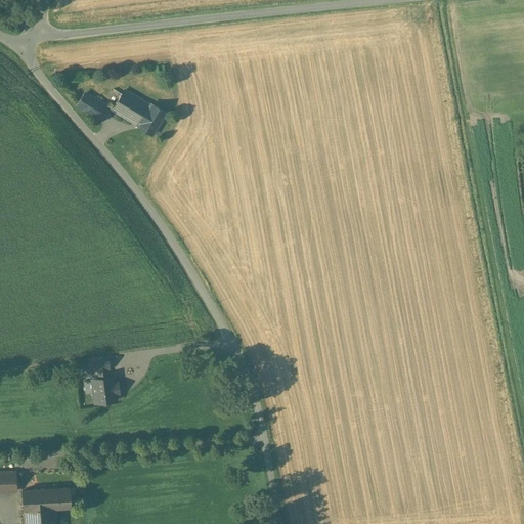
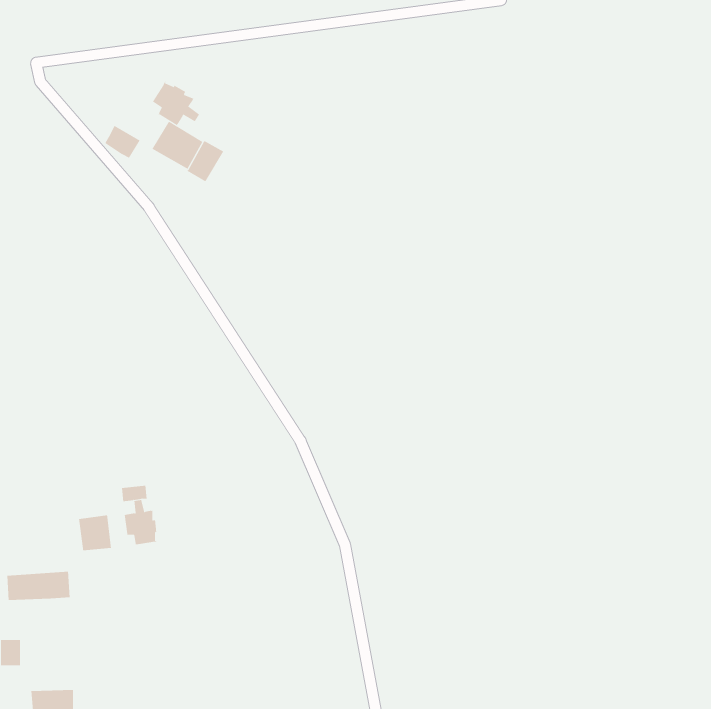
building: none -> [152,81,200,126]
building: none -> [79,514,111,551]
building: [21,488,69,510] -> [6,571,70,600]

